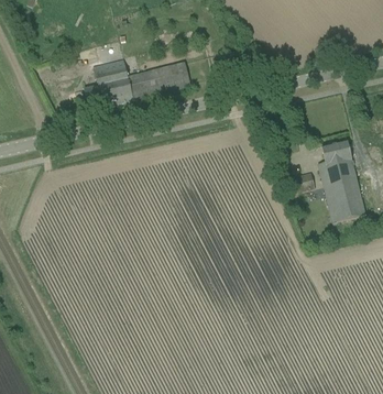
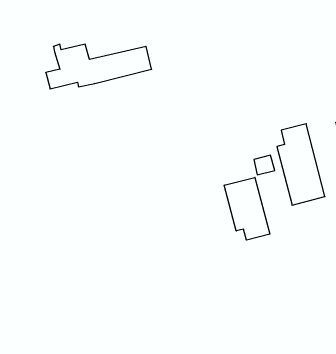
building: none -> [224,177,270,240]

